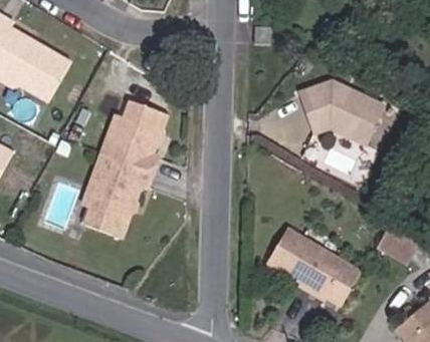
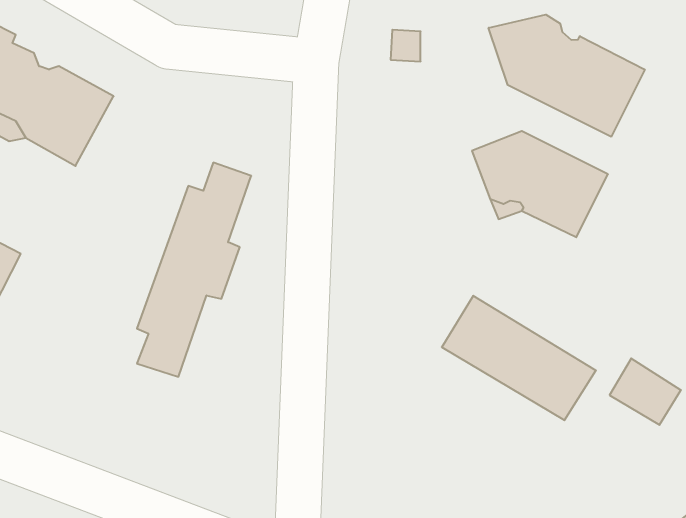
building: none -> [489,15,645,137]
building: [266,230,360,305] -> [442,296,596,420]

